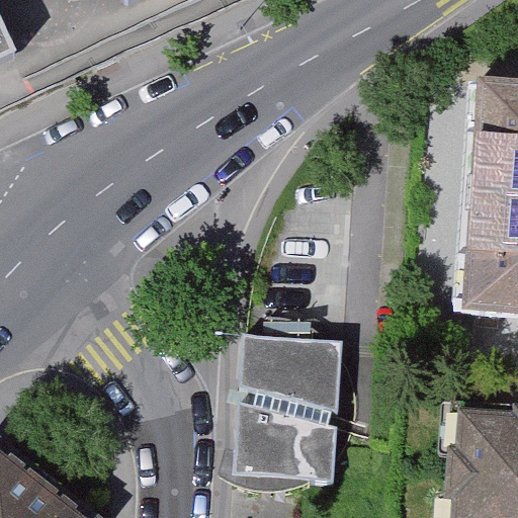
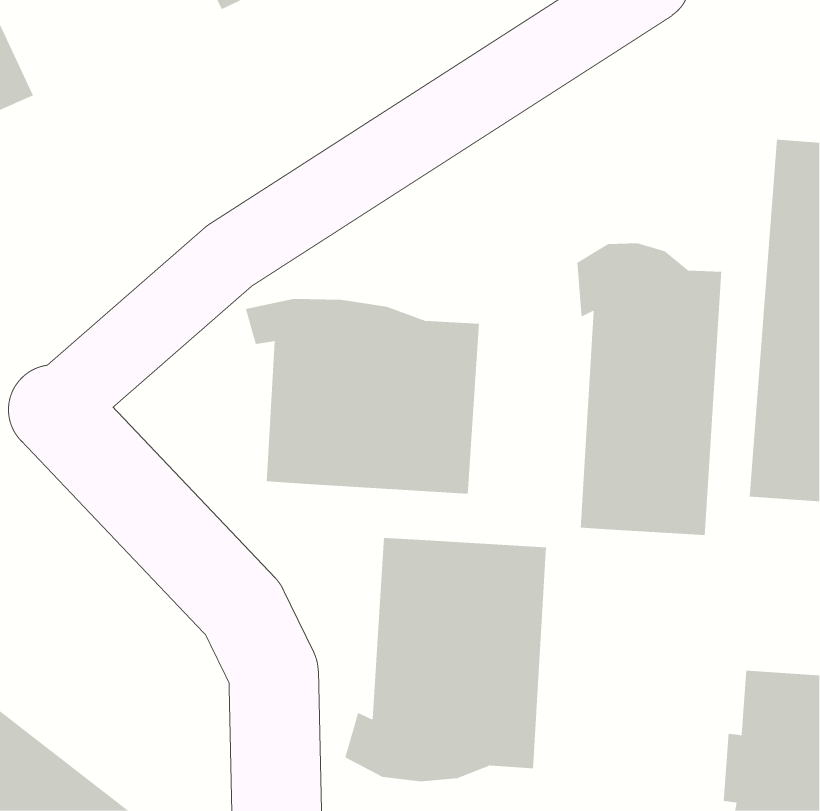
building: none -> [577,242,722,536]
building: none -> [245,298,479,494]

